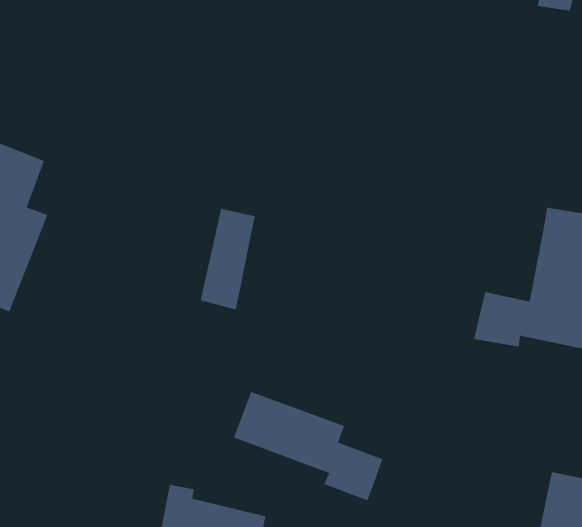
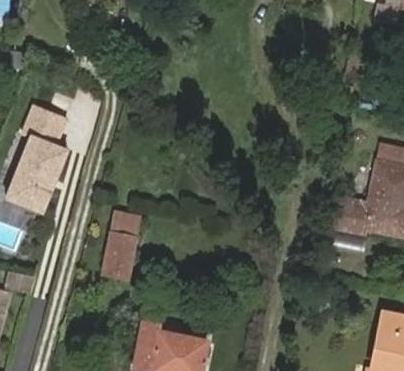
building: [200,208,256,310] -> [103,214,138,278]
building: [233,391,383,501] -> none

